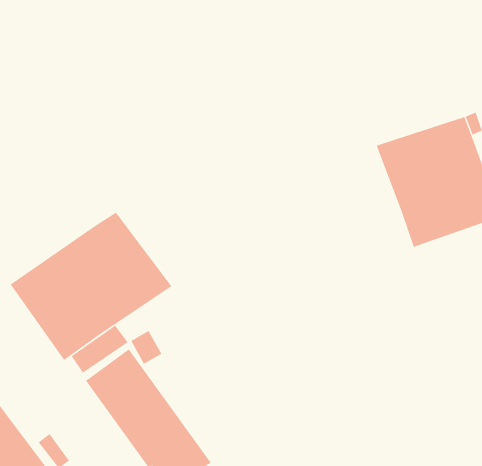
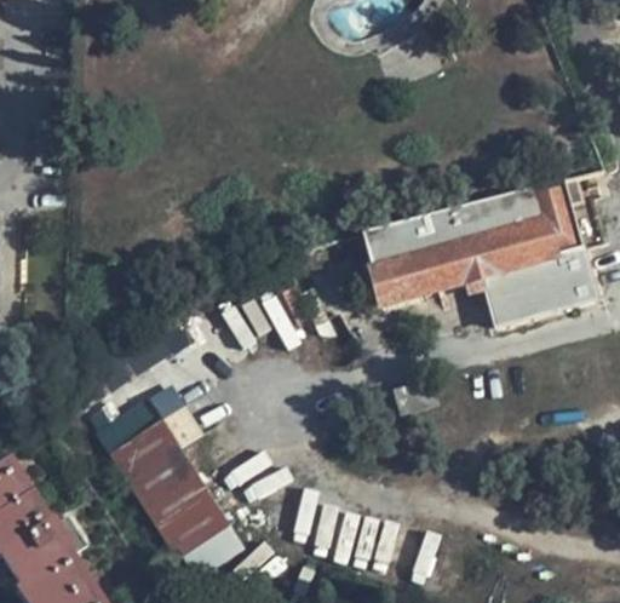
building: none -> [355,205,483,317]
building: [10,212,172,361] -> none

